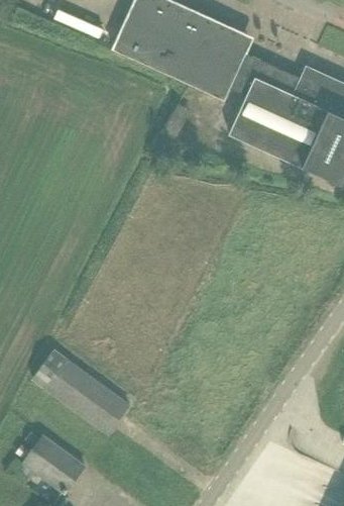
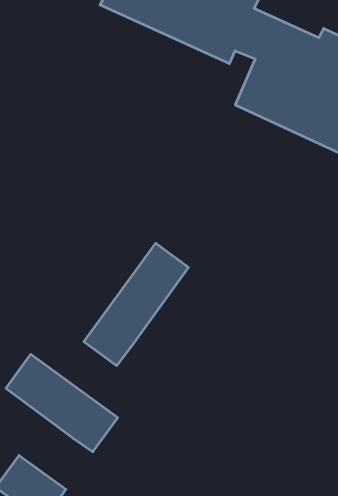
building: none -> [84,243,188,366]

